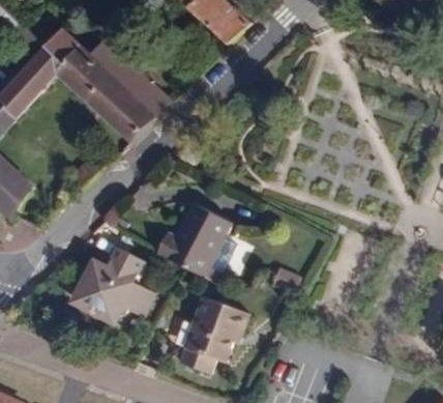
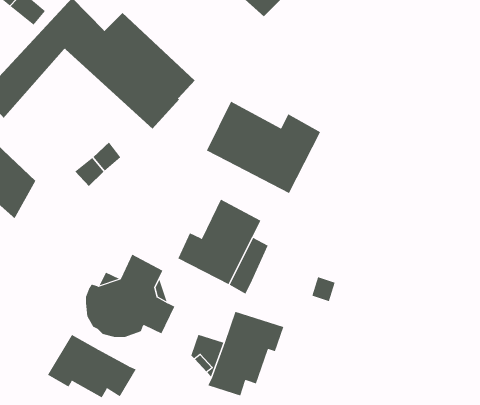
building: none -> [206,101,321,194]
building: none -> [47,334,137,398]

